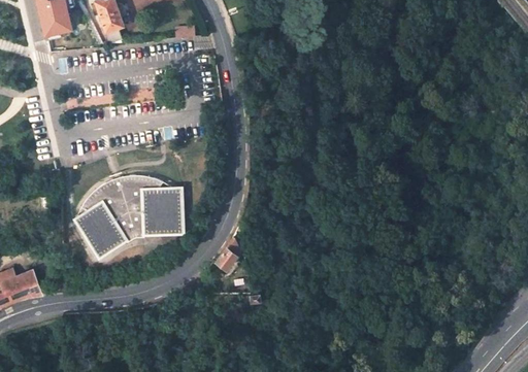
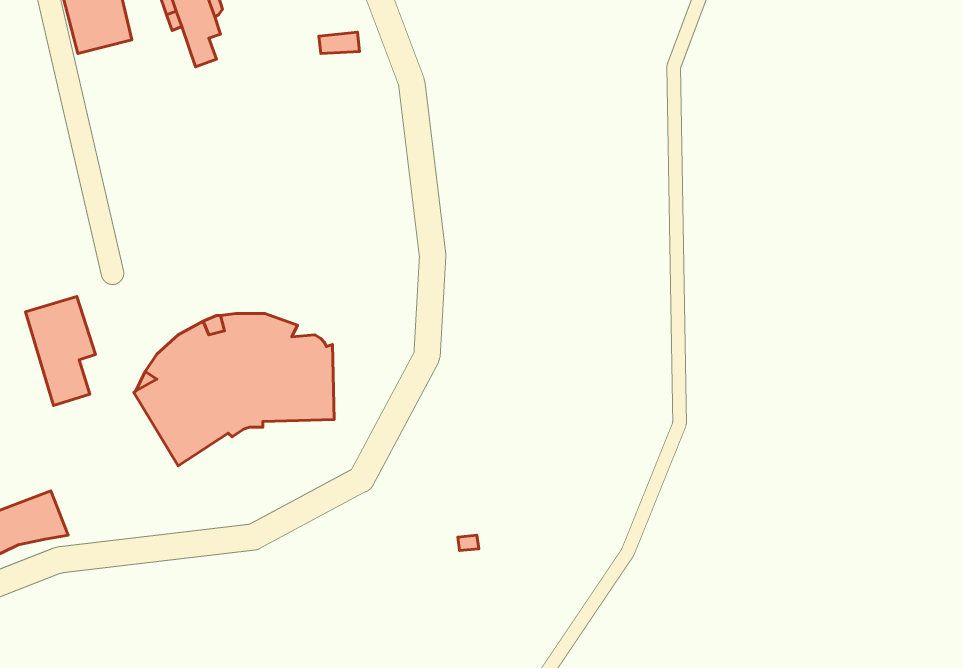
building: none -> [26,296,95,405]
building: [217,238,239,276] -> none

